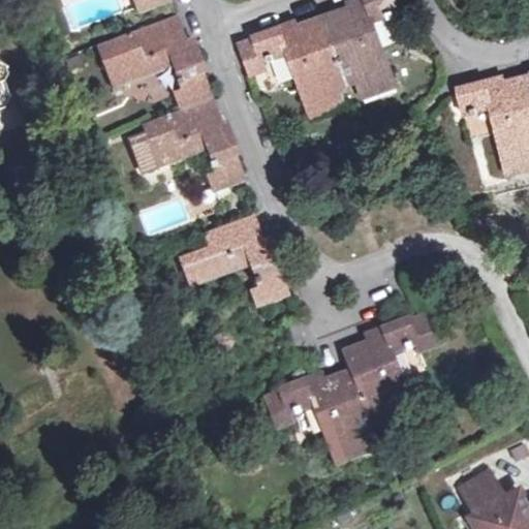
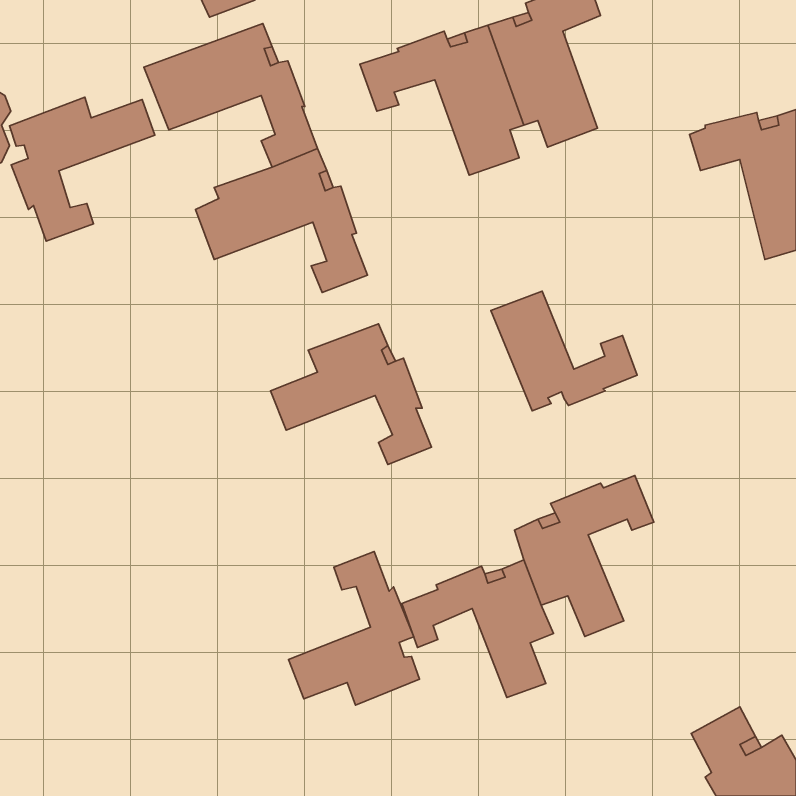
building: none -> [9,97,155,241]
building: none -> [491,291,637,411]
building: none -> [289,551,420,705]

